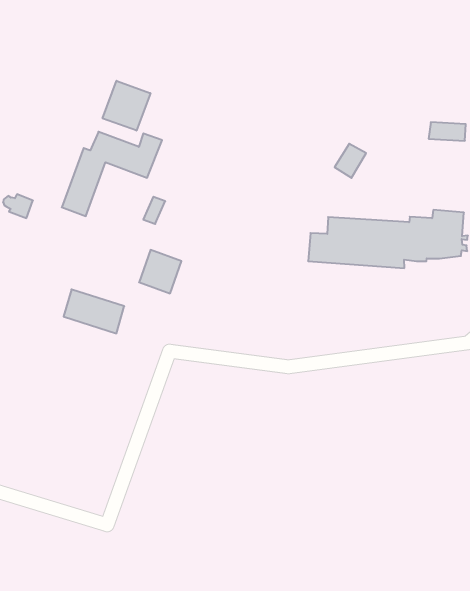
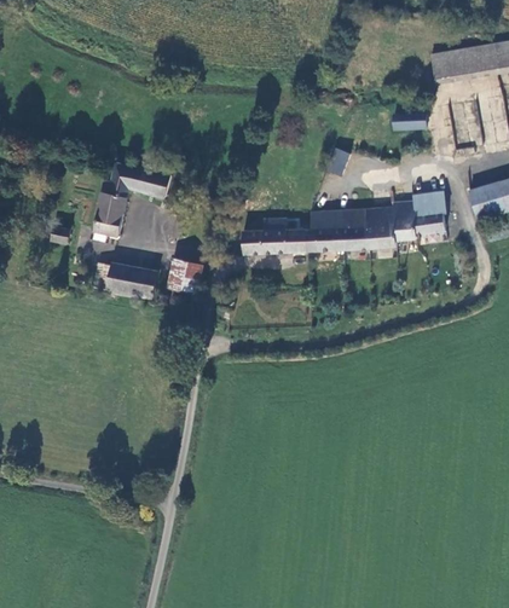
building: [103,81,150,131] -> none
building: none -> [239,218,310,253]
building: [64,289,124,333] -> [104,265,155,297]

